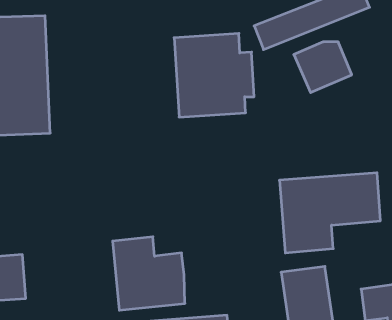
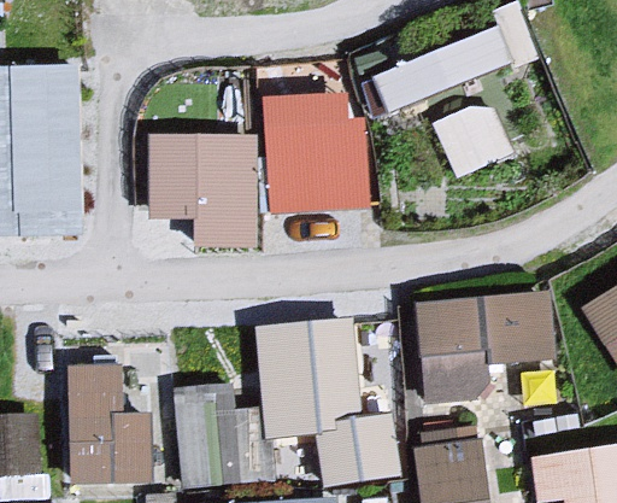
building: none -> [147,131,257,246]
building: none -> [264,320,399,481]
building: none -> [61,365,154,487]

